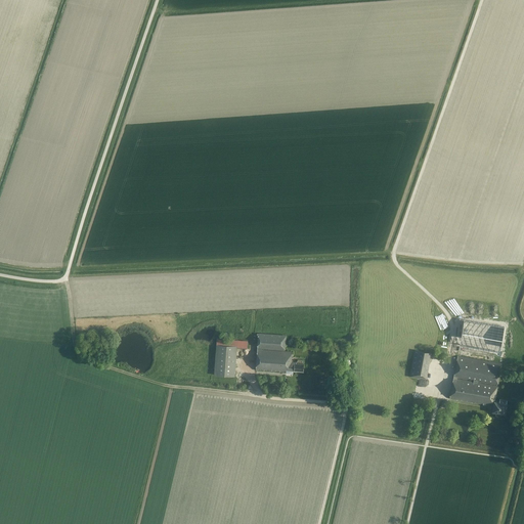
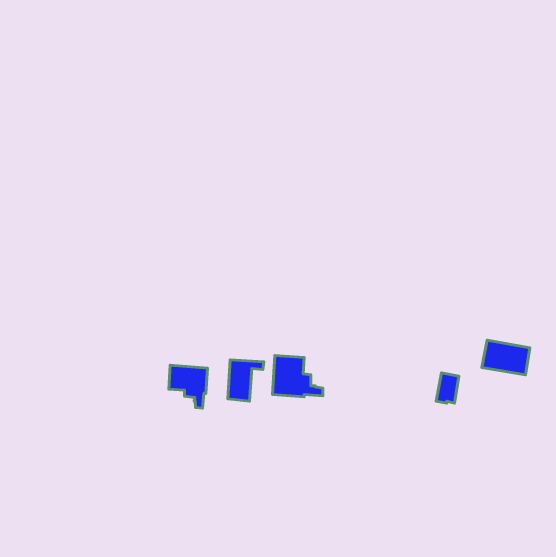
building: none -> [169,365,207,408]
building: [450,356,508,417] -> none

